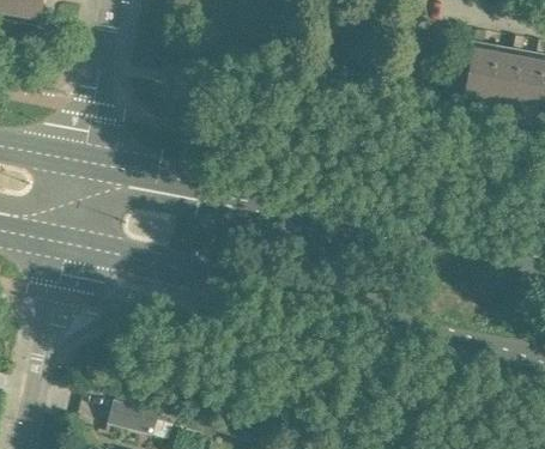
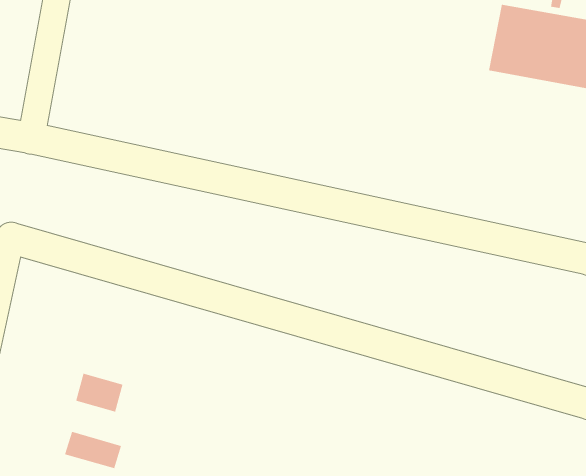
building: none -> [76,373,123,413]

